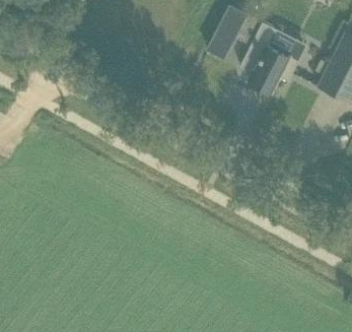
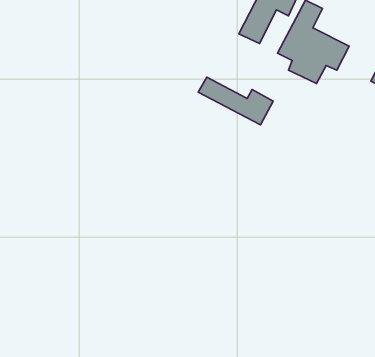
building: none -> [198,77,273,125]

